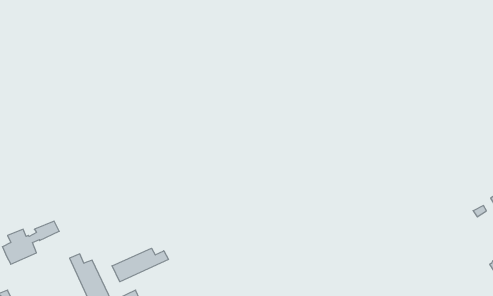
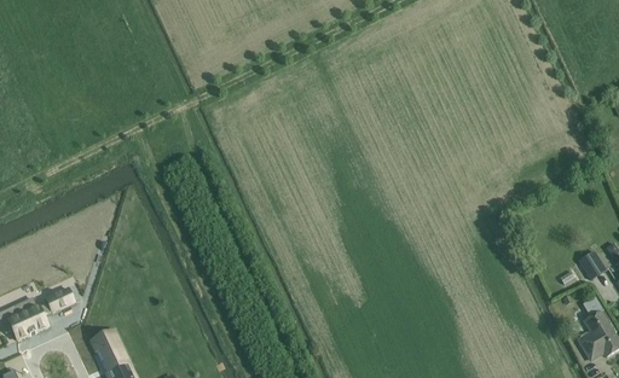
building: [112,248,168,282] -> none

